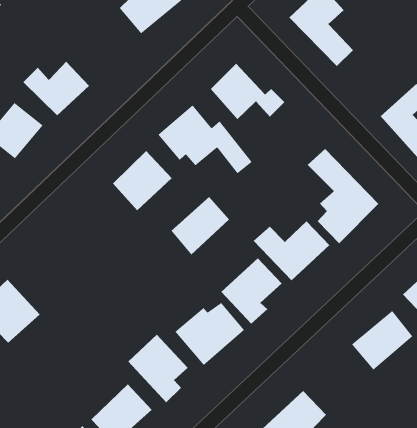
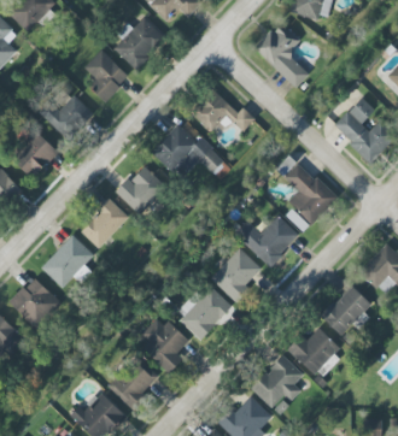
building: none -> [83,49,129,101]
building: [171,196,230,255] -> [80,199,128,248]
building: none -> [41,234,94,287]
building: none -> [286,328,338,373]

